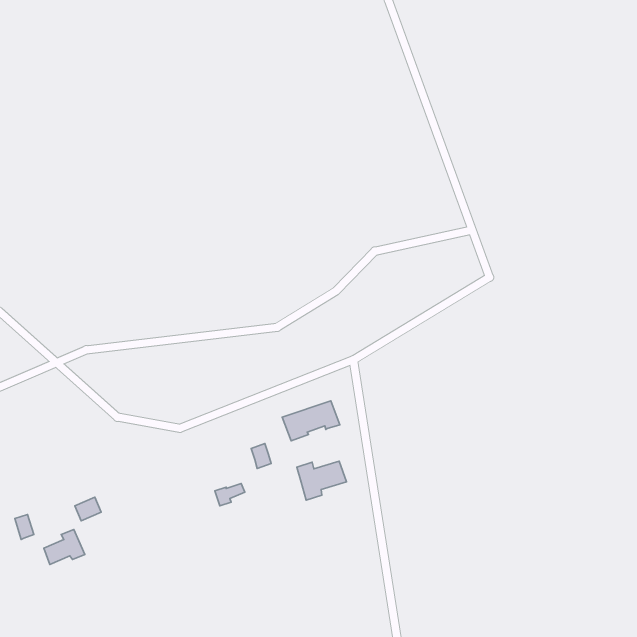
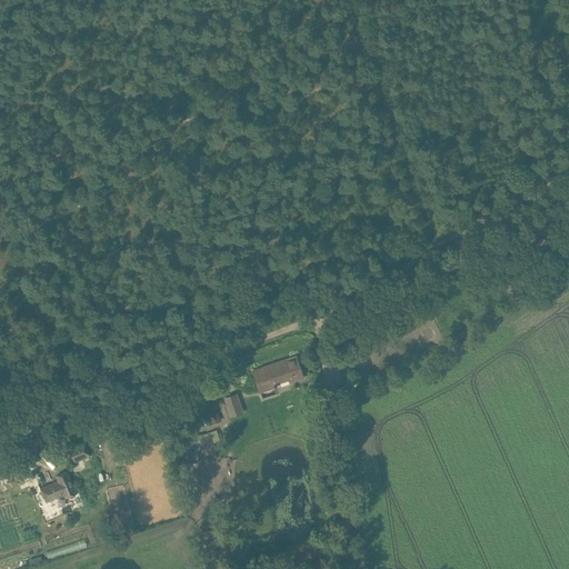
building: [297,461,346,500] -> none

